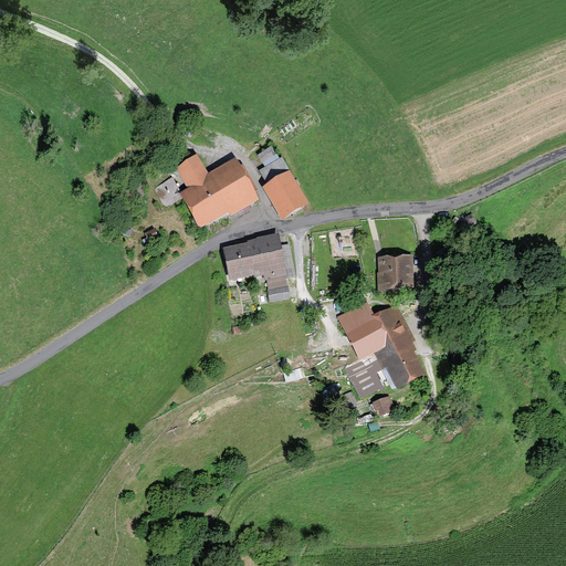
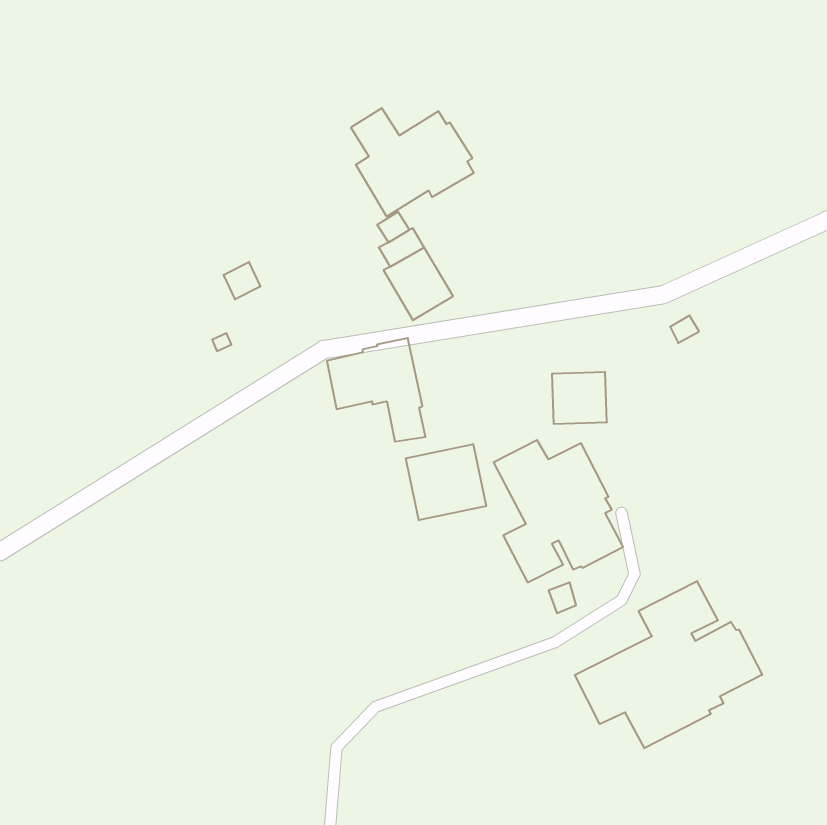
building: [176,154,260,228] -> [351,108,474,216]
building: none -> [406,444,486,520]
building: none -> [575,581,762,748]

